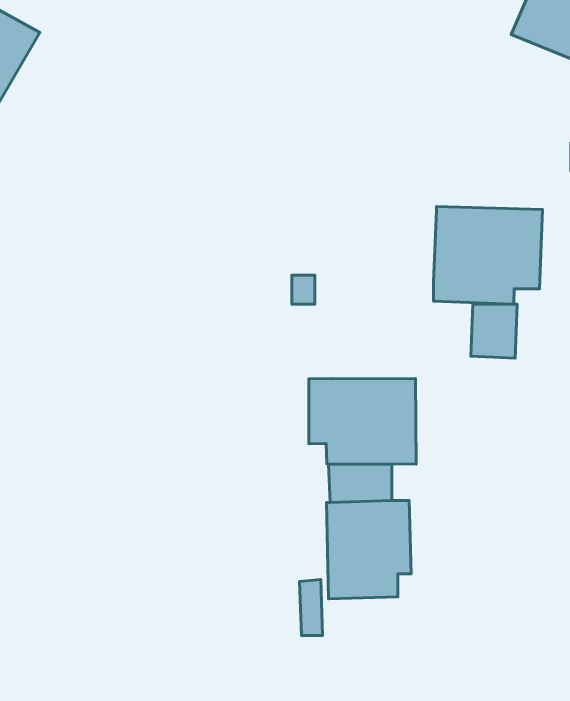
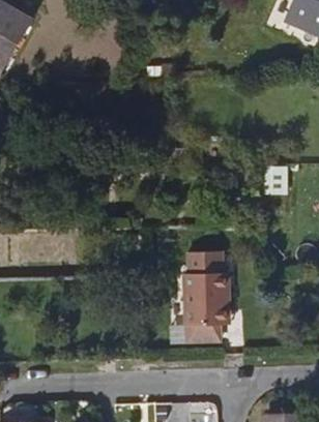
building: [433,207,542,304] -> none
building: [309,378,416,464] -> none

